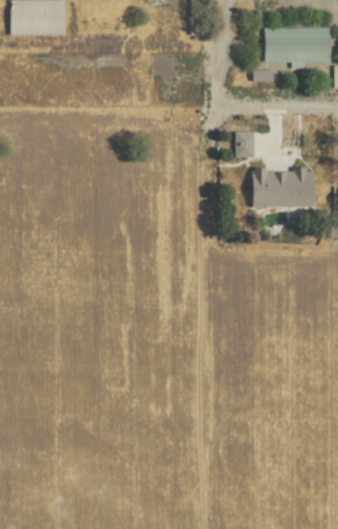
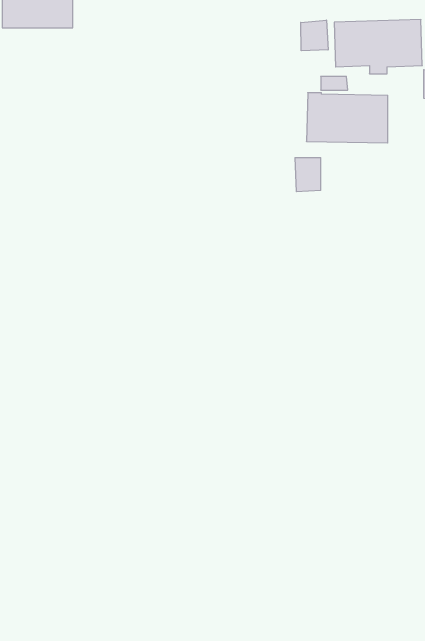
building: none -> [301,20,328,51]
building: [253,168,315,207] -> [306,93,388,143]

